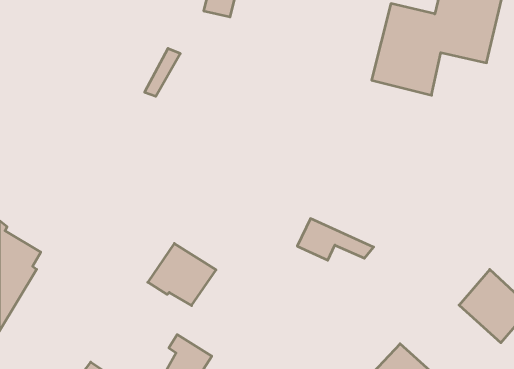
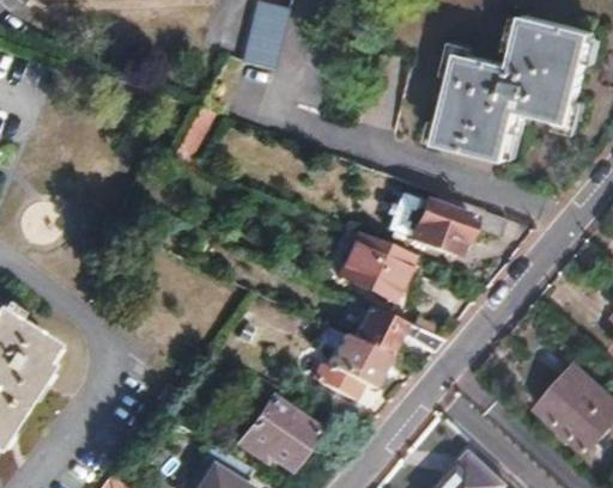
building: none -> [408,201,508,255]
building: none -> [338,232,413,301]
building: none -> [317,333,388,401]
building: [148,243,216,306] -> [237,397,317,470]

